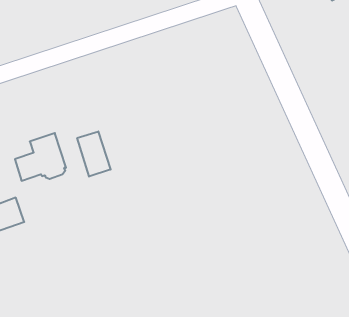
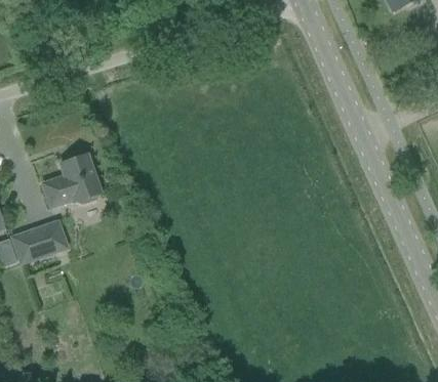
building: [77,131,111,177] -> none

